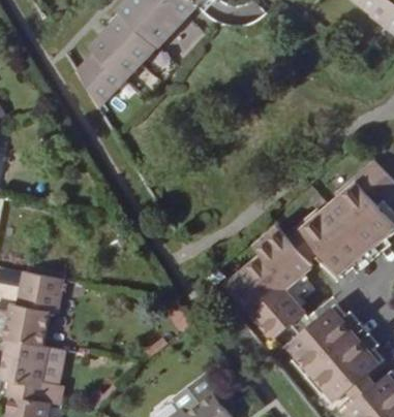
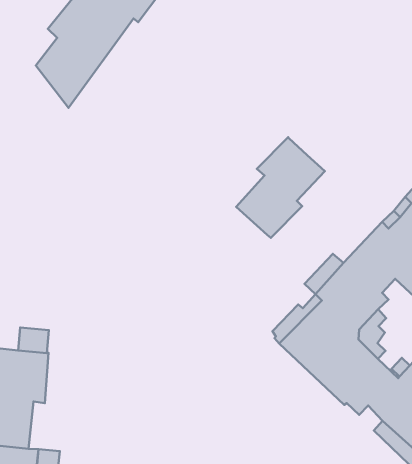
building: none -> [236,137,325,238]

